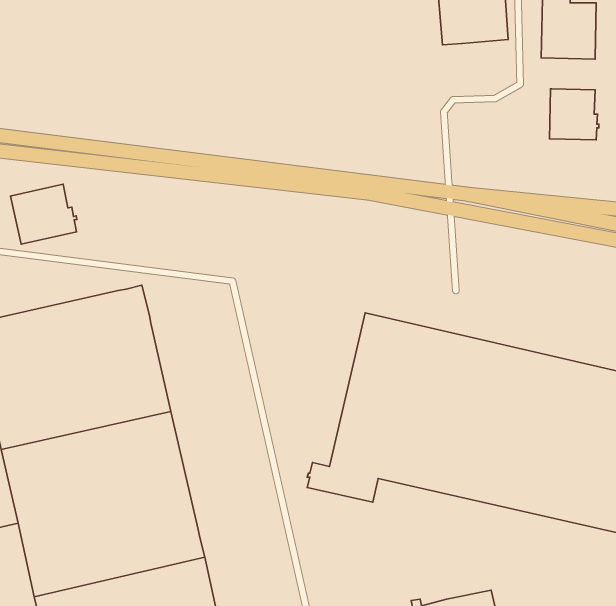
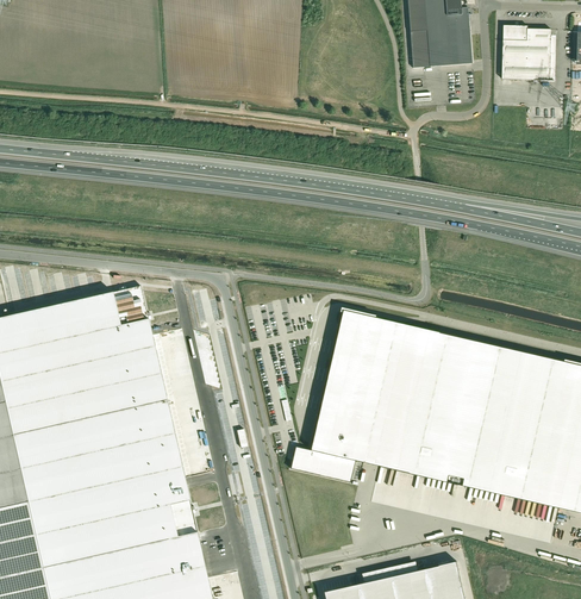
building: [549,89,599,140] -> none
building: [10,184,77,244] -> none

